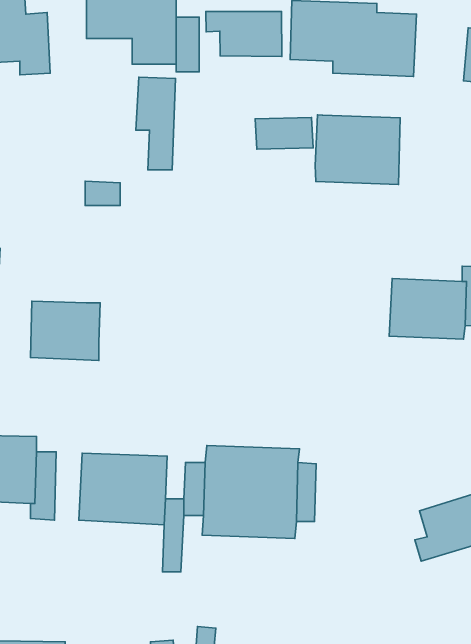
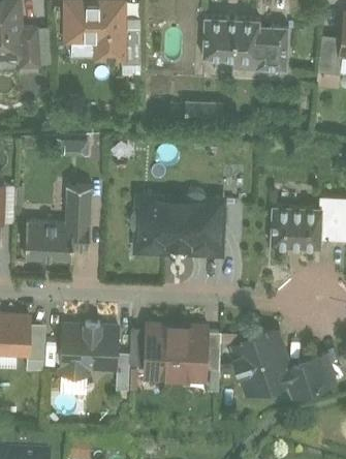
building: [206,11,282,56] -> none
building: [136,77,175,170] -> [63,187,90,250]
building: [315,115,400,184] -> none
building: none -> [132,192,223,256]
building: none -> [229,329,294,397]

